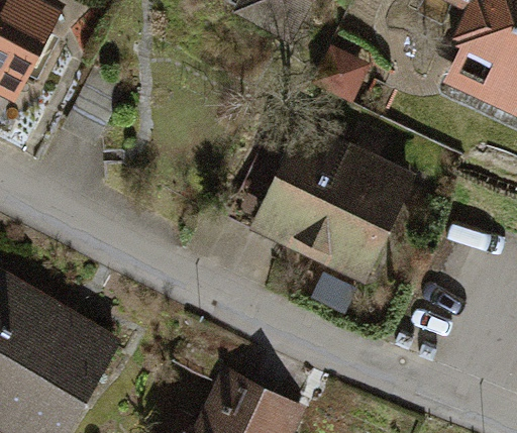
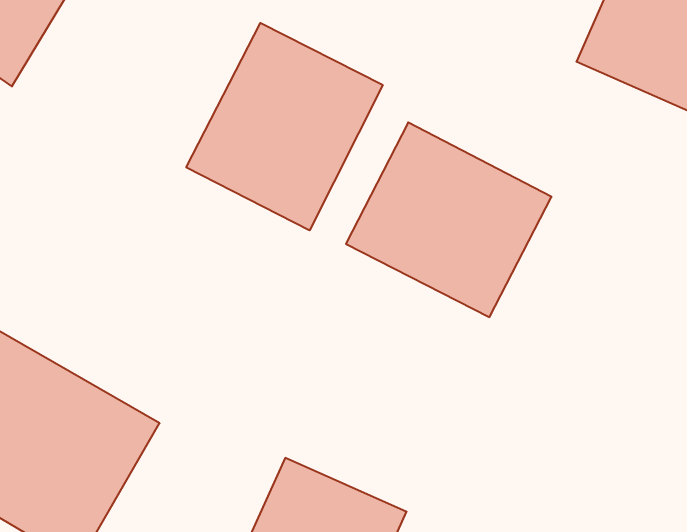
building: none -> [186,23,383,230]

